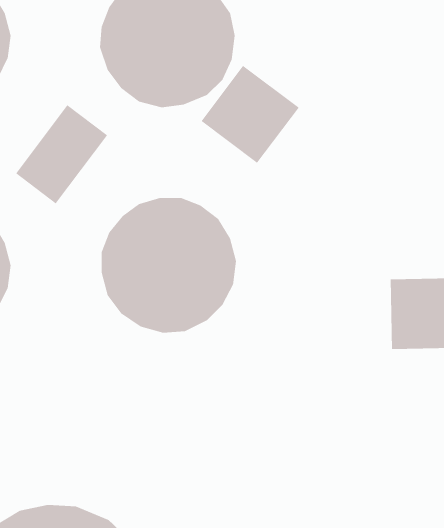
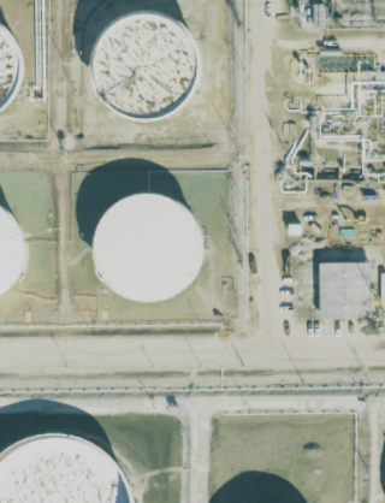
building: [200,65,300,164] -> none
building: [15,104,108,204] -> none

